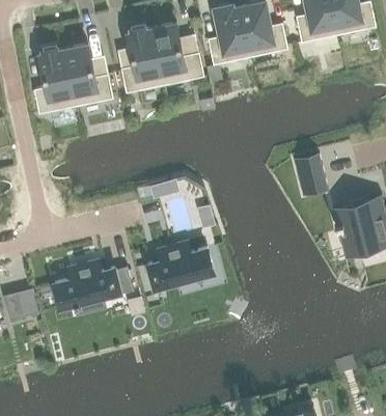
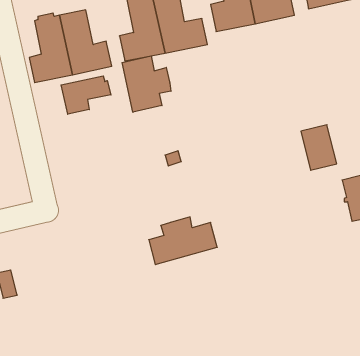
building: none -> [122,56,171,112]
building: none -> [61,76,111,114]
building: [51,260,133,308] -> none

